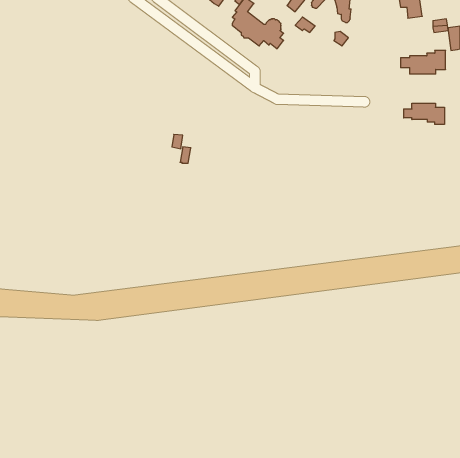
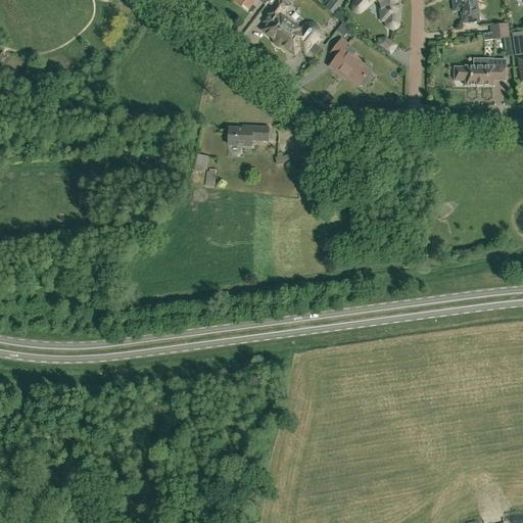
building: none -> [330,38,370,83]
building: [404,103,444,124] -> none
building: none -> [228,125,268,143]

